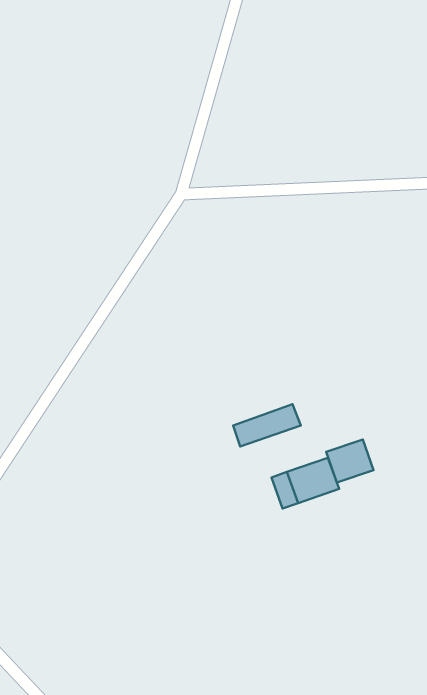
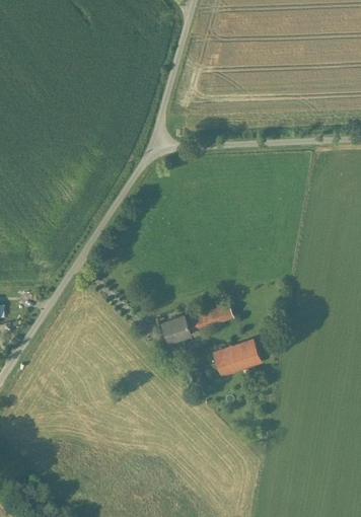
building: none -> [161,316,191,343]
building: [326,439,373,482] -> none

